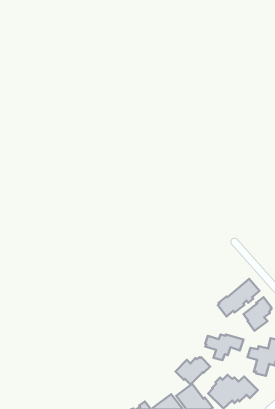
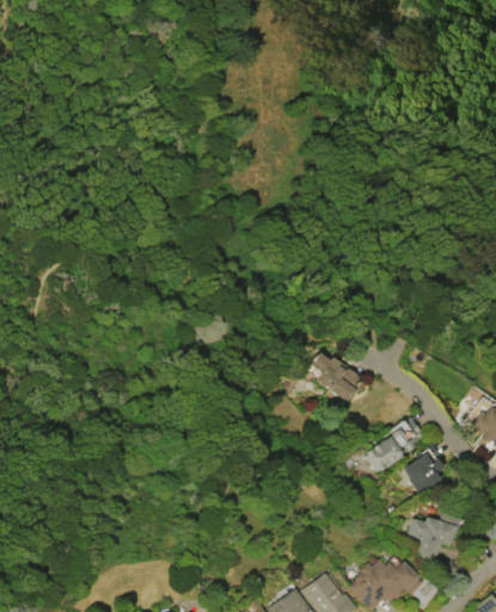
building: none -> [311,353,366,402]
building: [205,334,244,360] -> none
building: [176,357,210,384] -> none

